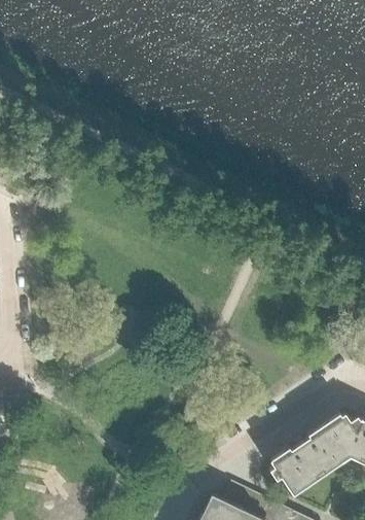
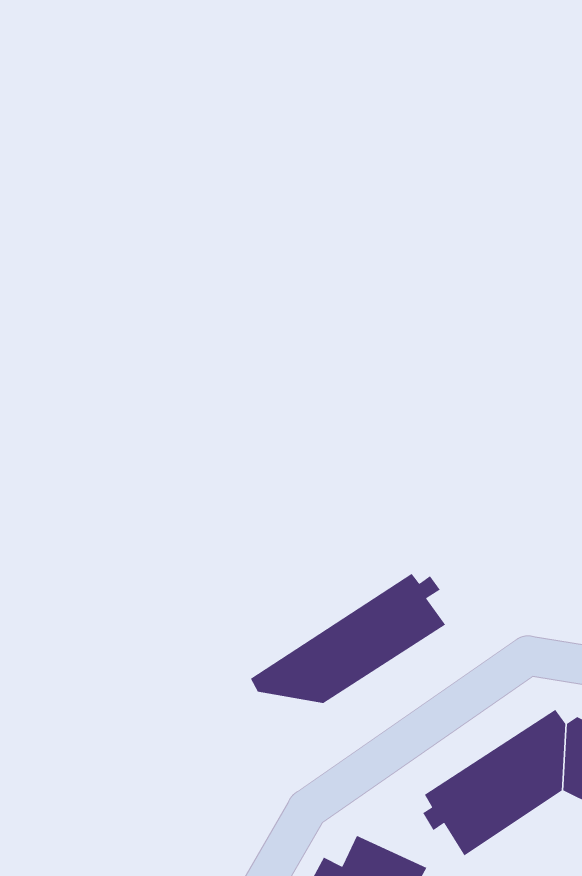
building: none -> [250,573,446,704]

